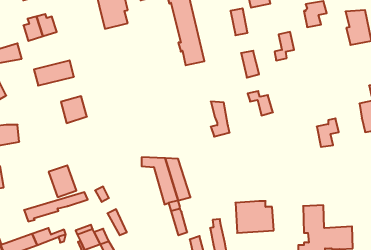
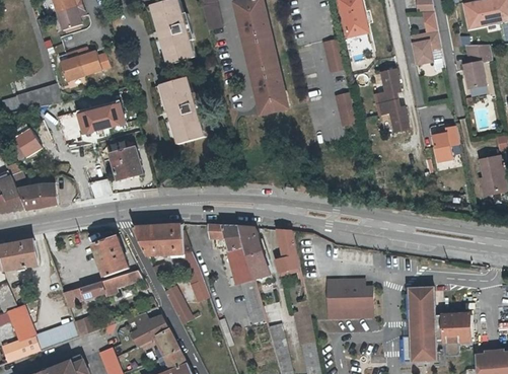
building: none -> [160,80,203,148]
building: [248,91,273,115] -> [376,102,408,133]
building: [211,102,230,137] -> [276,230,299,274]
building: [317,118,339,147] -> [431,126,458,161]
building: none -> [132,224,206,293]

